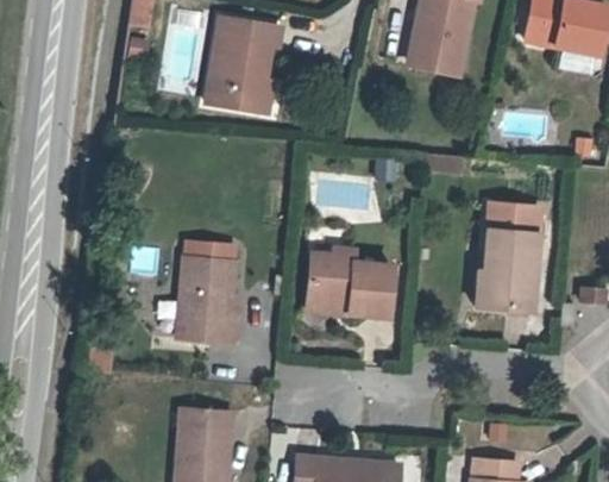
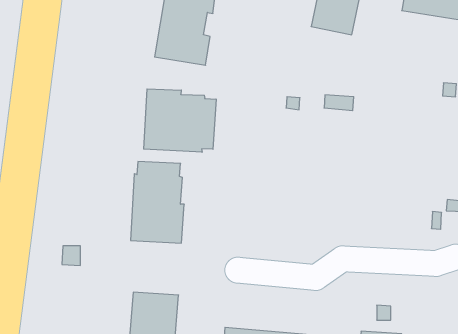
building: none -> [144,89,216,152]
building: [475,202,542,313] -> none
building: [306,245,398,321] -> none

